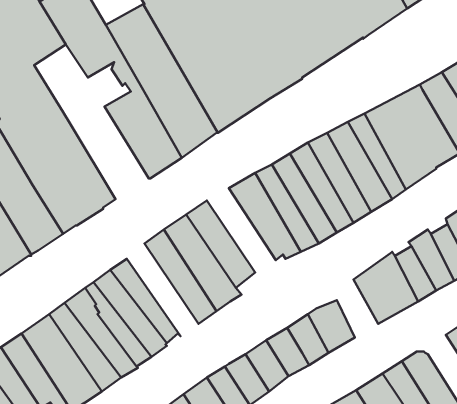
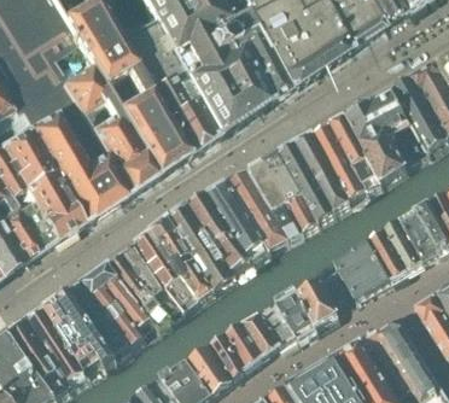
building: none -> [57,54,157,189]
building: none -> [208,180,272,261]
building: none -> [138,228,200,309]

